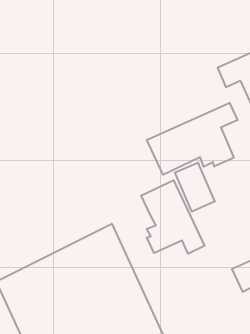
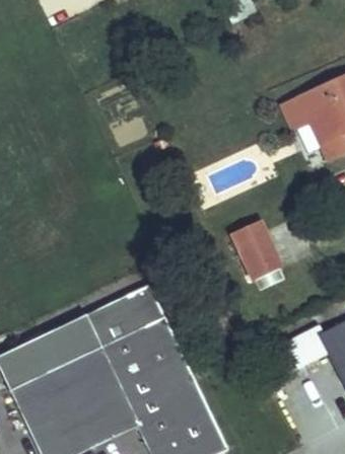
building: [147,103,238,175] -> none
building: [141,180,204,254] -> none

